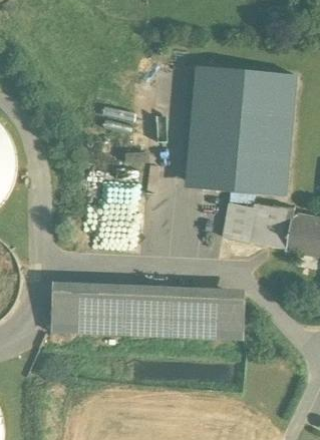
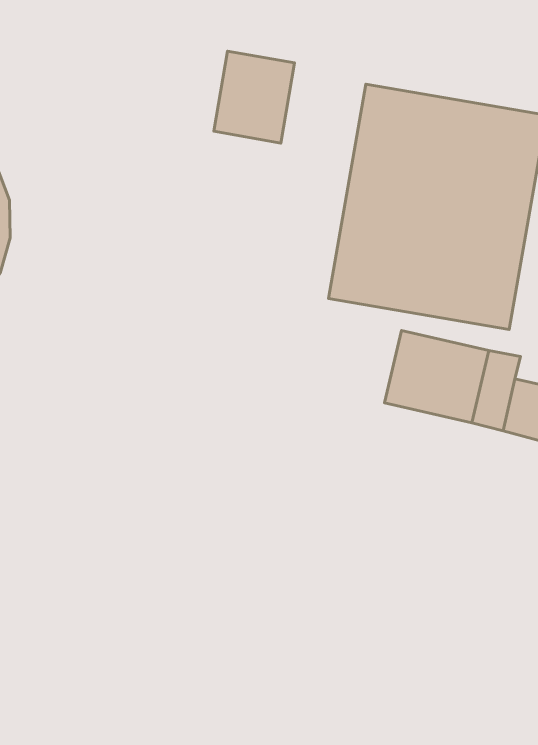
building: none -> [214,51,295,143]
building: [51,291,246,339] -> none

